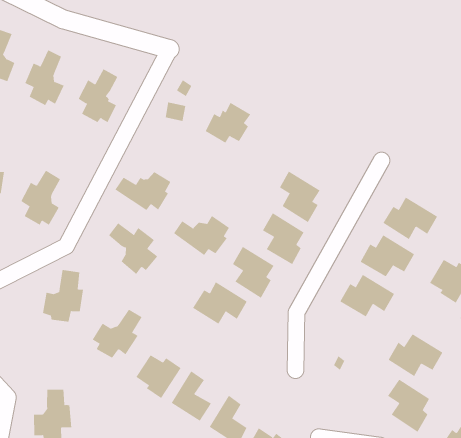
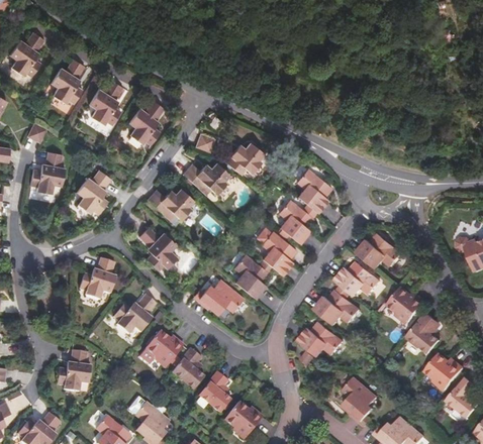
building: none -> [298,170,331,213]
building: [173,215,230,256] -> [185,161,230,193]
building: [388,334,443,377] -> [298,323,343,357]

